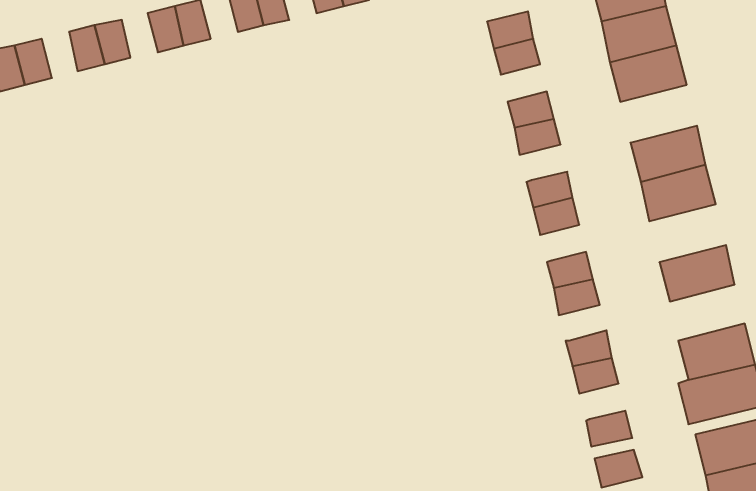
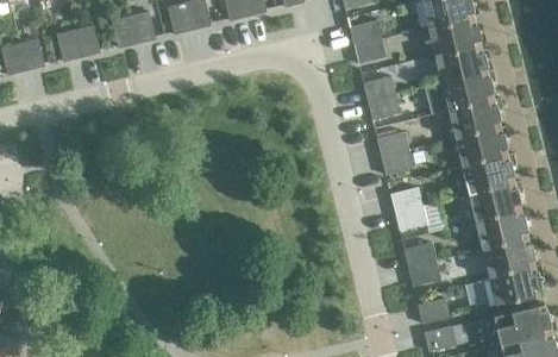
building: none -> [441,71,495,112]
building: none -> [462,155,515,195]
building: none -> [476,211,528,250]

